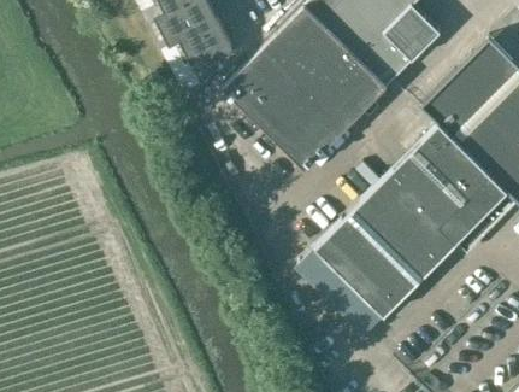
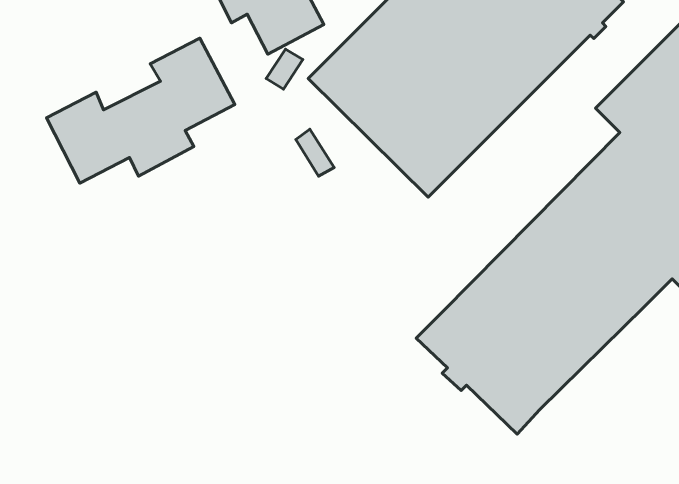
building: none -> [46,38,235,183]

